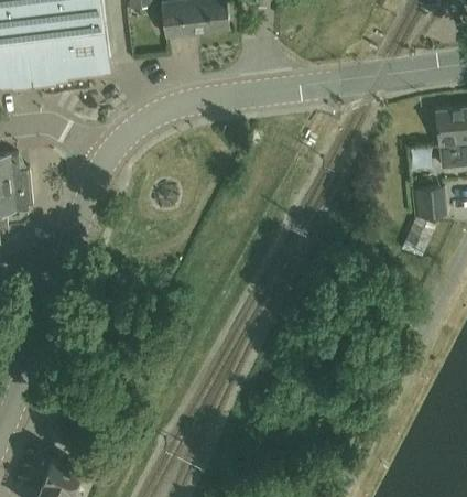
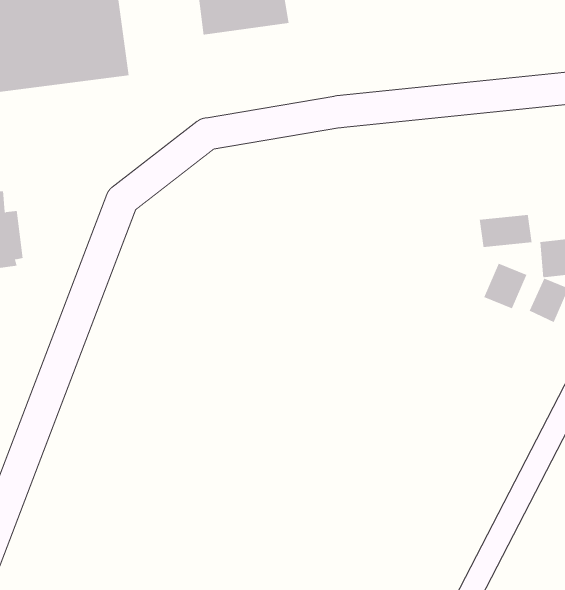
building: none -> [479,214,532,248]
building: none -> [484,263,527,309]

